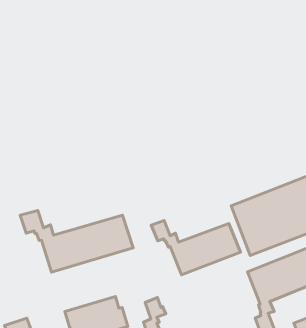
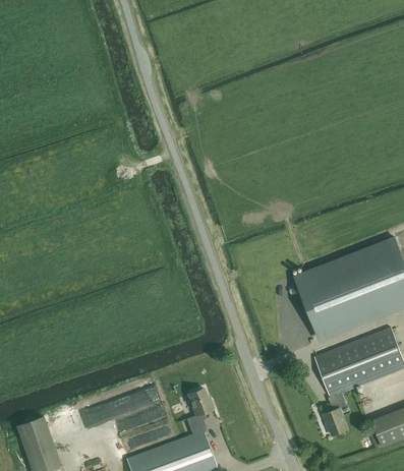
building: [20,211,133,272] -> none
building: [151,221,241,275] -> none

